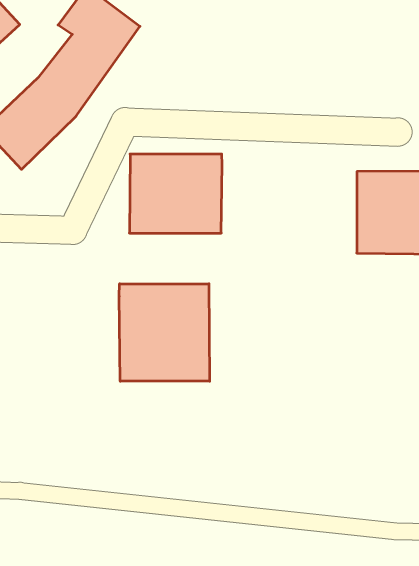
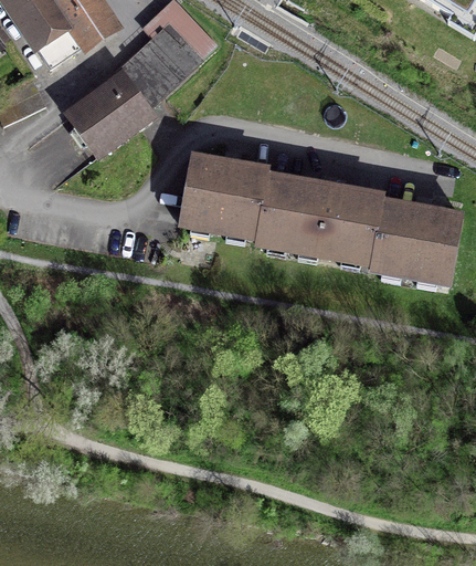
building: none -> [256,175,384,263]
building: [119,284,210,381] -> none

